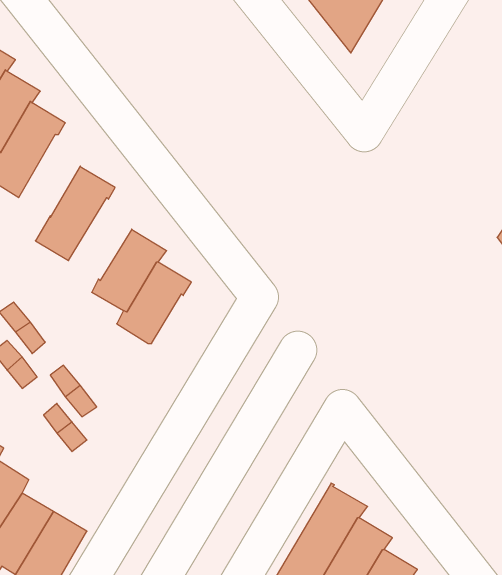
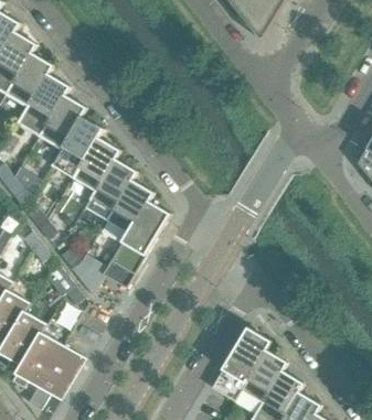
building: none -> [40,94,87,149]
building: none -> [73,136,120,191]
building: none -> [102,200,171,288]

